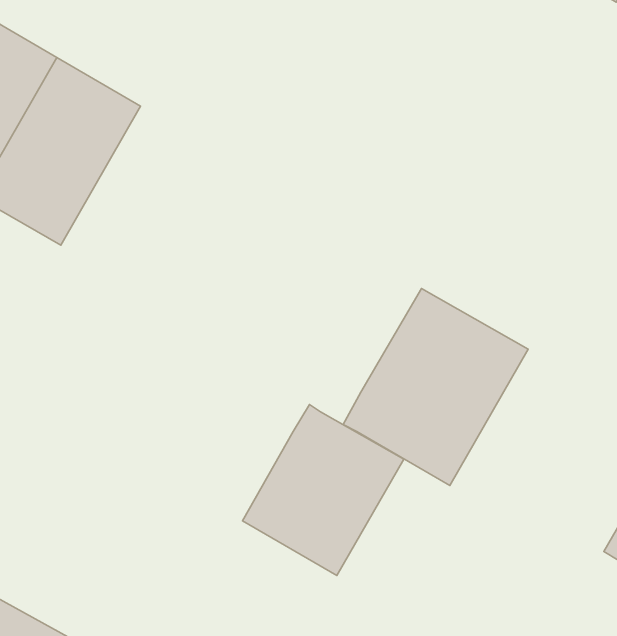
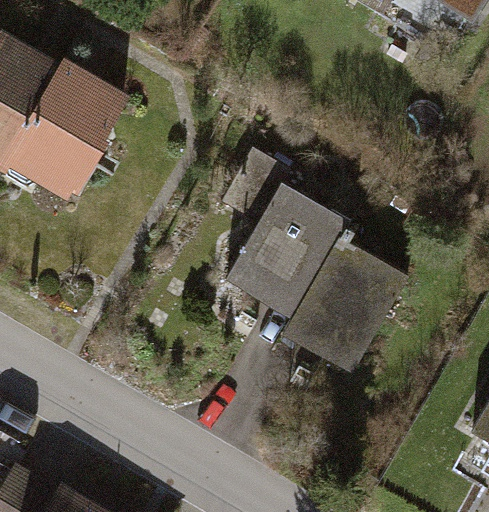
building: none -> [226,181,342,311]
building: [243,405,404,575] -> none

